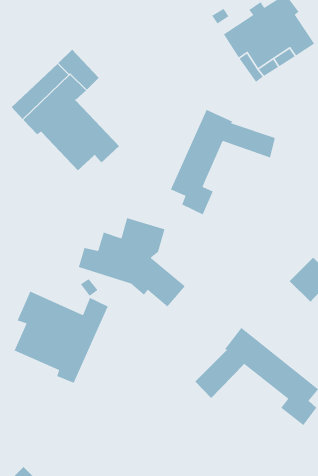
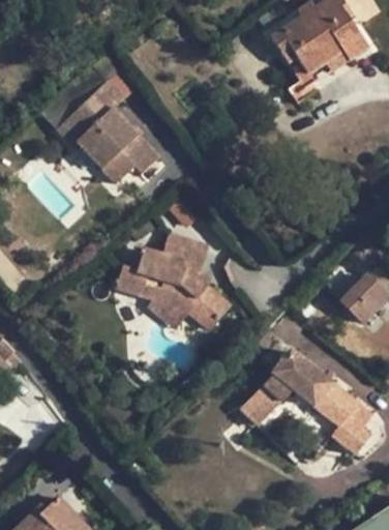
building: [170,109,276,215] -> none
building: [14,291,109,384] -> none

